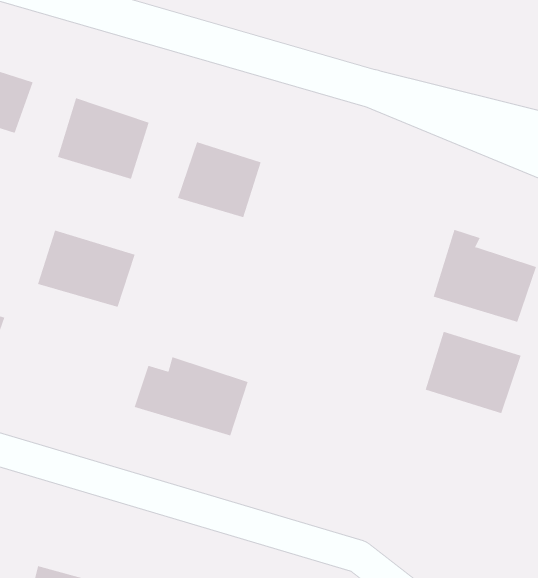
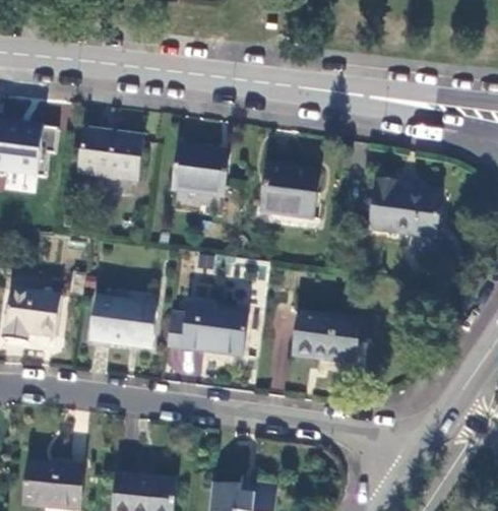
building: none -> [260,165,317,219]
building: [37,230,135,308] -> [88,300,157,348]
building: [425,331,521,414] -> [293,312,359,365]

